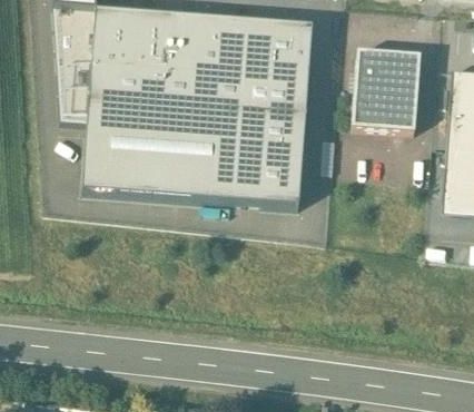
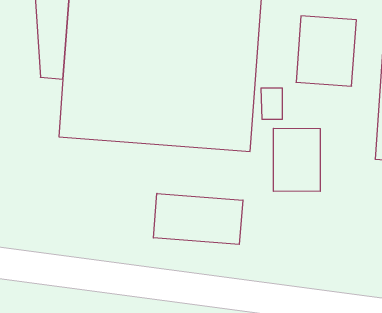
building: none -> [273,128,320,191]
building: none -> [153,193,243,244]

